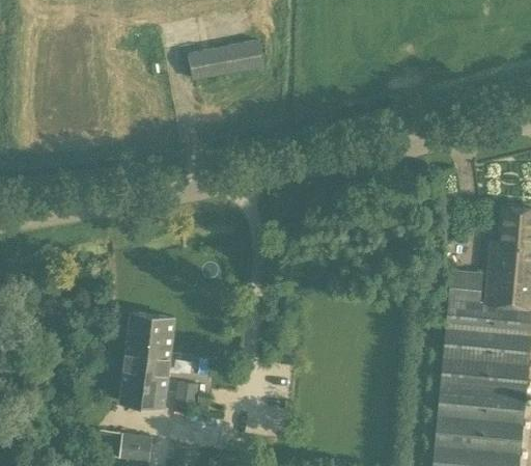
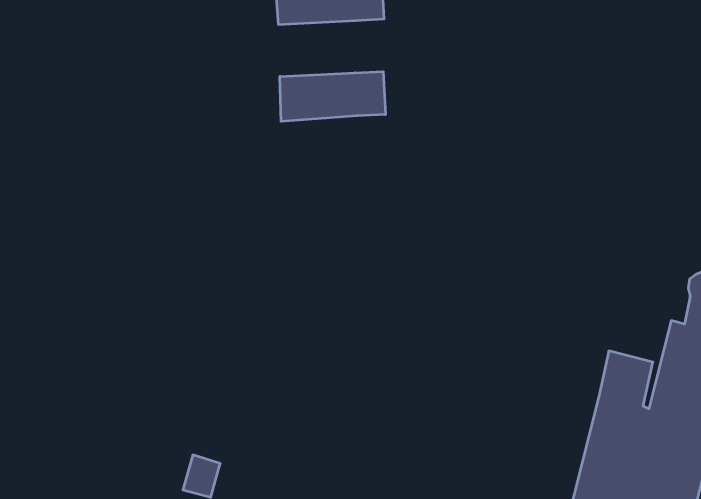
building: none -> [280,72,385,121]
building: [121,312,175,408] -> none

